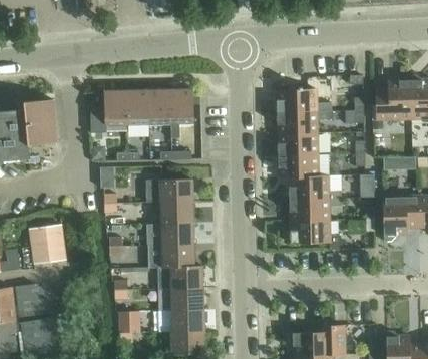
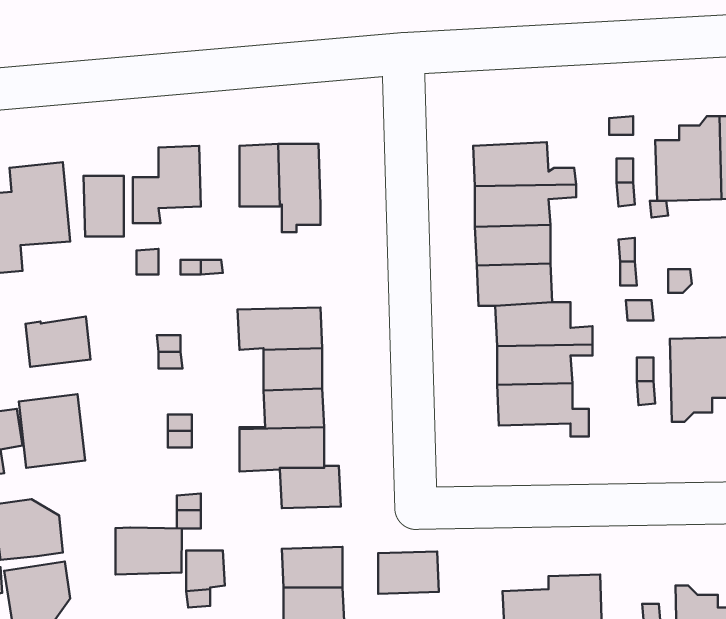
building: [126,90,148,123] -> [83,176,124,237]
building: none -> [26,316,91,367]
building: [171,287,204,310] -> [378,551,439,594]
building: none -> [115,527,182,574]

